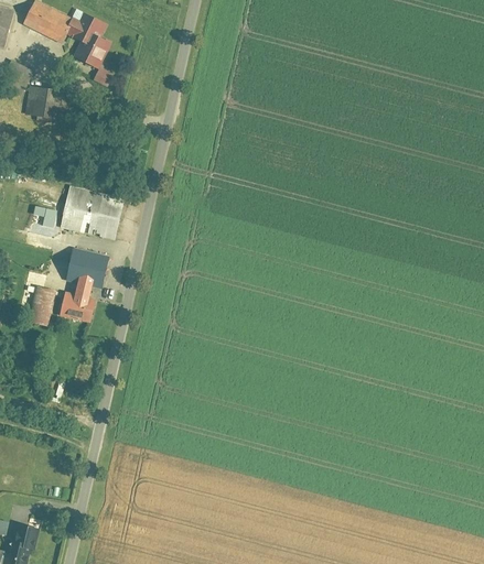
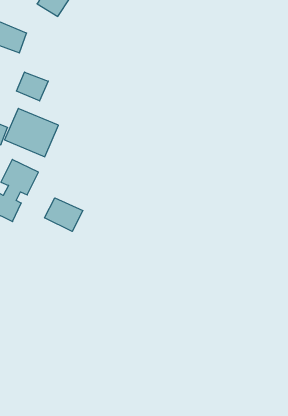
building: none -> [16,72,48,101]
building: none -> [45,198,83,231]

